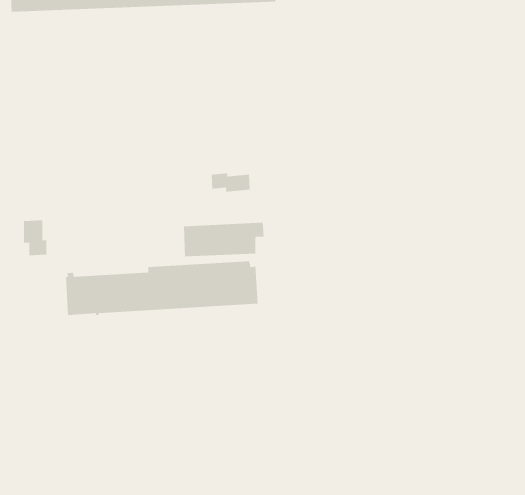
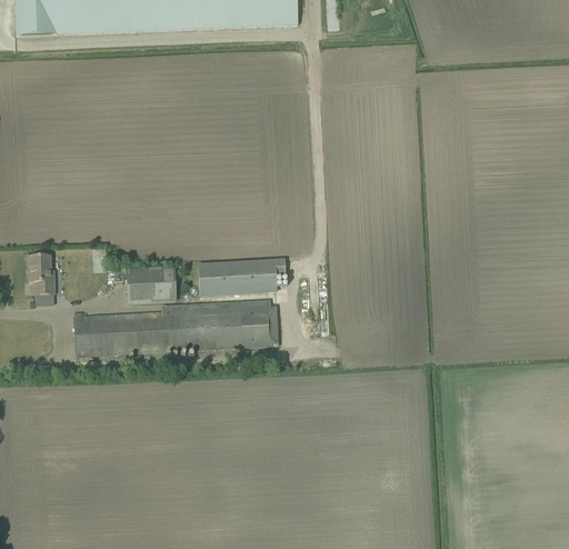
building: [211,173,251,193] -> none
building: none -> [127,266,177,303]

